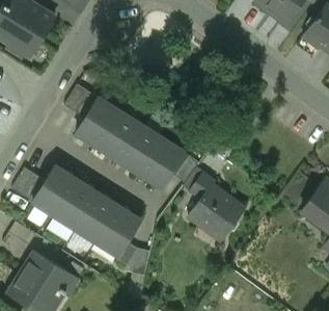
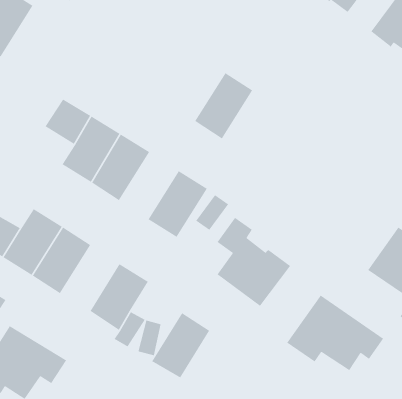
building: [118,124,162,174] -> [194,72,253,140]
building: [75,192,118,241] -> [151,312,210,378]
building: none -> [286,294,384,371]

